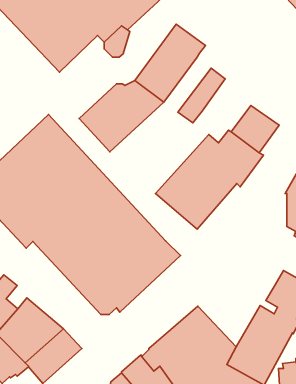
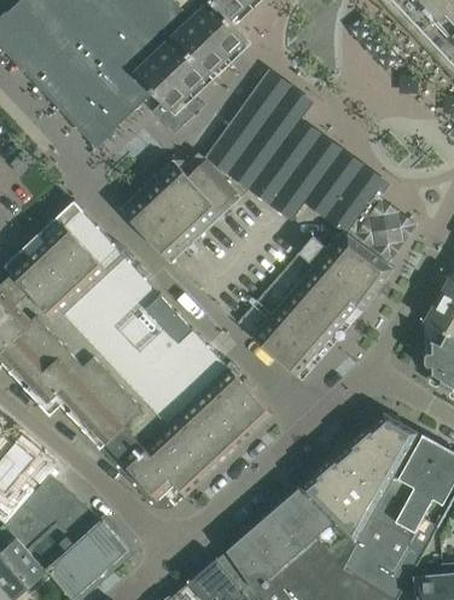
building: none -> [248,124,316,204]
building: none -> [303,156,379,233]
building: none -> [297,413,417,546]

